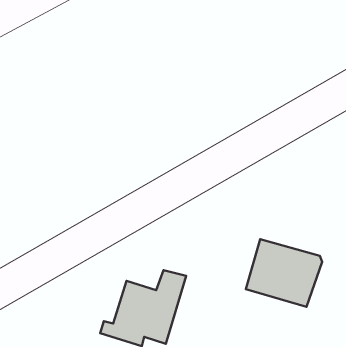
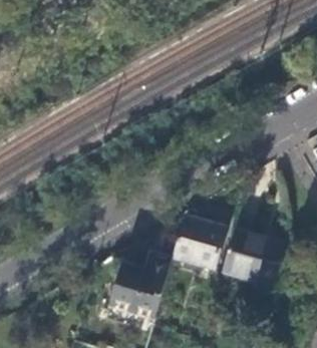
building: none -> [171,219,225,272]

